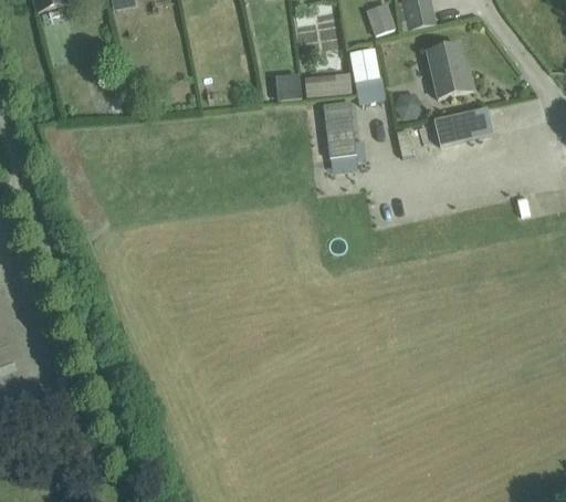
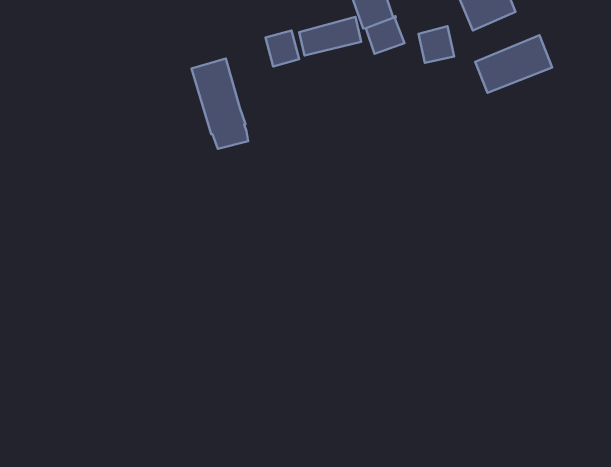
building: [322,101,356,169] -> [192,59,248,149]

